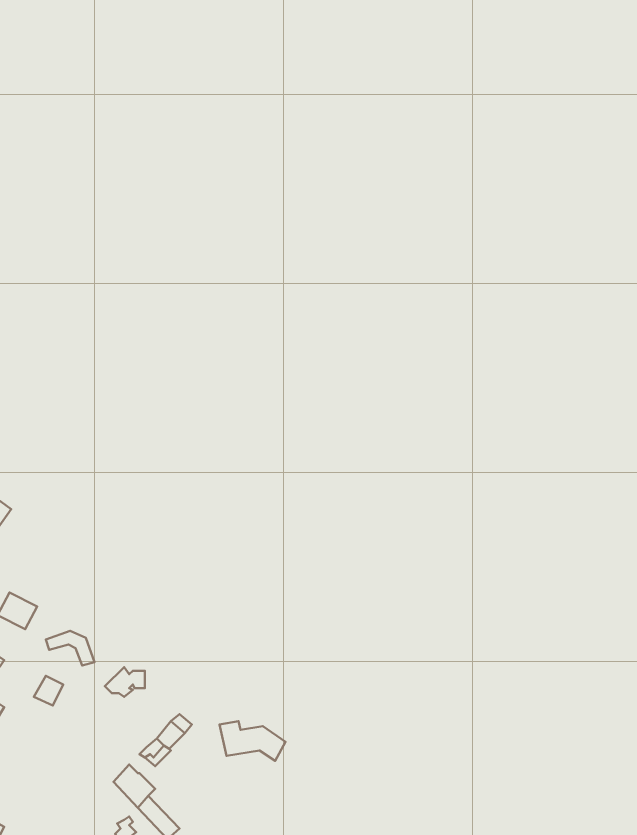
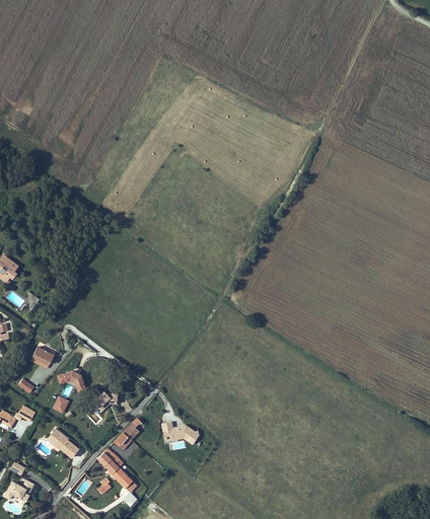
building: none -> [49,428,78,457]

